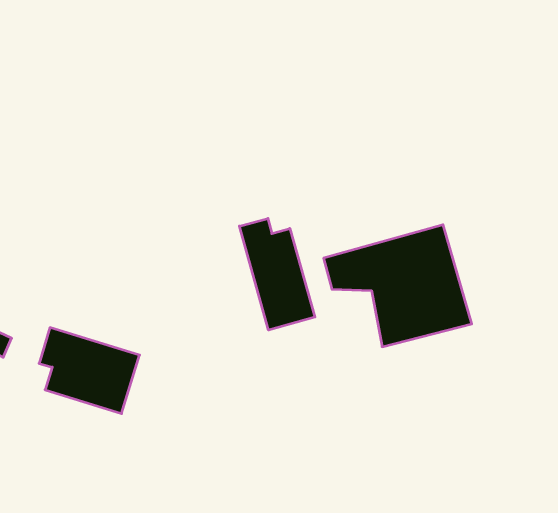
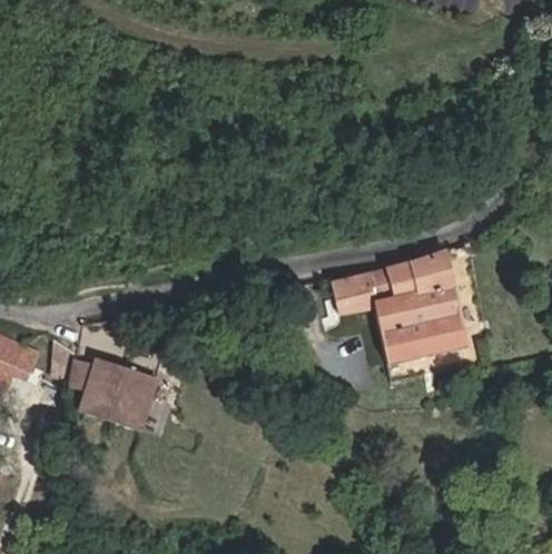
building: [239,218,315,330] -> none

